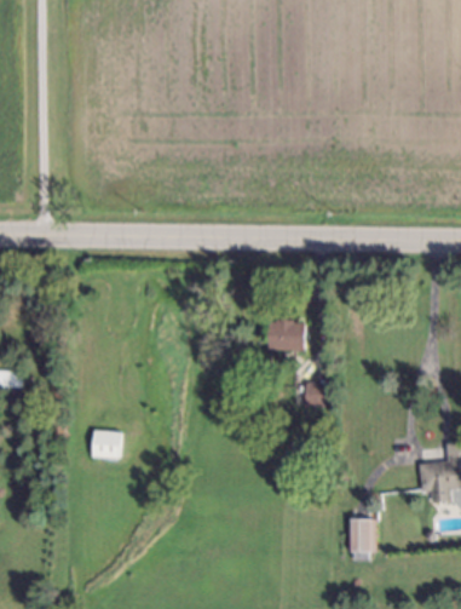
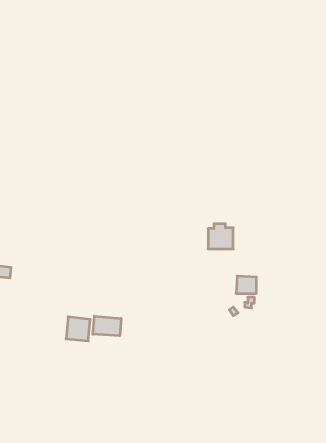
building: none -> [93,316,121,336]
building: [350,523,376,557] -> none

